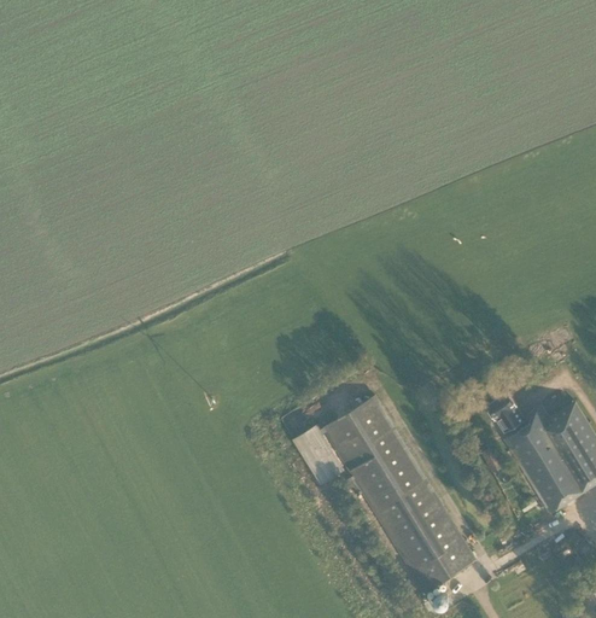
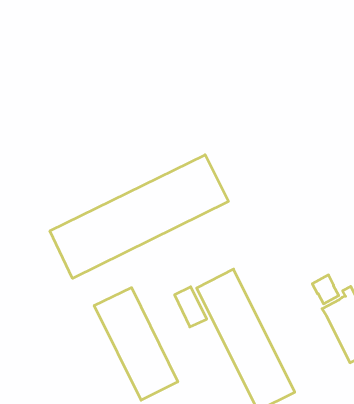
building: none -> [50,155,228,278]
building: none -> [94,288,178,400]

